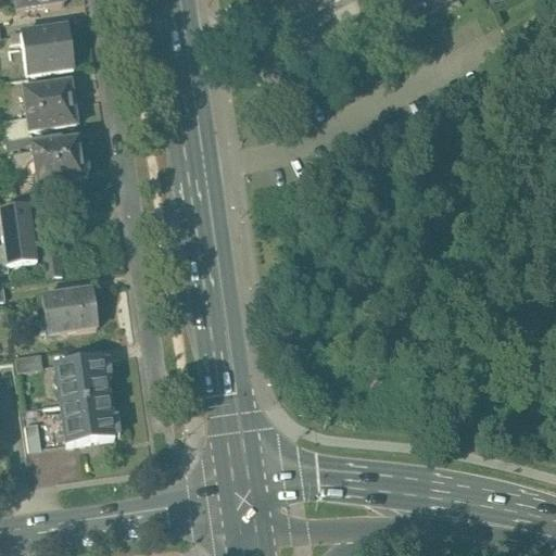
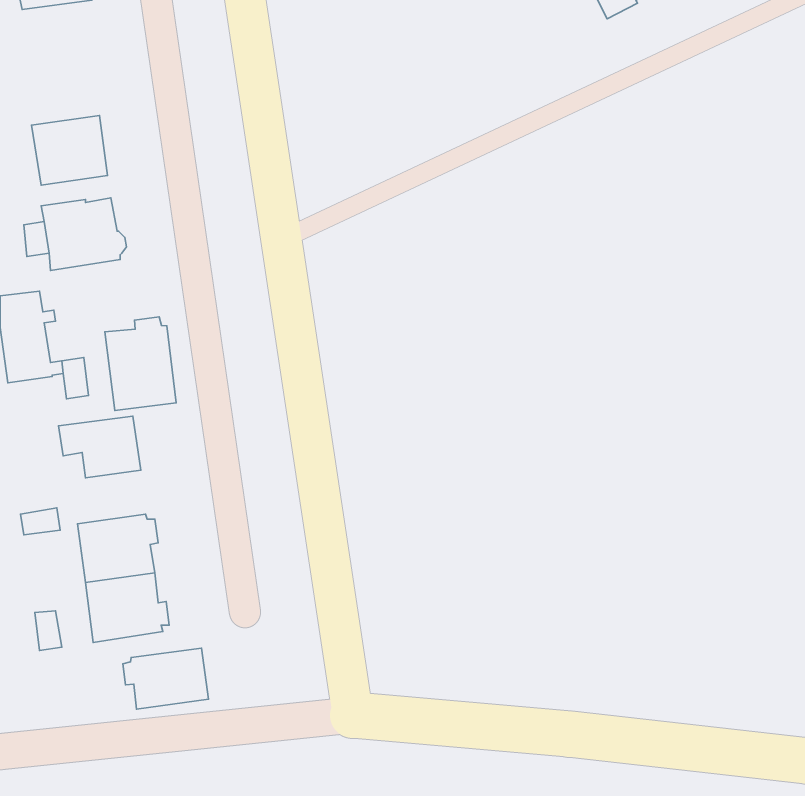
building: [22,24,75,71] -> none
building: none -> [105,317,176,411]
building: none -> [123,648,209,709]

